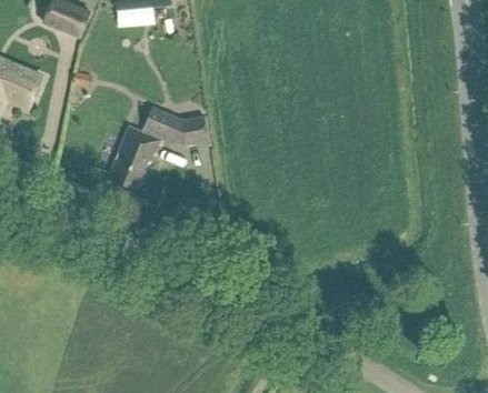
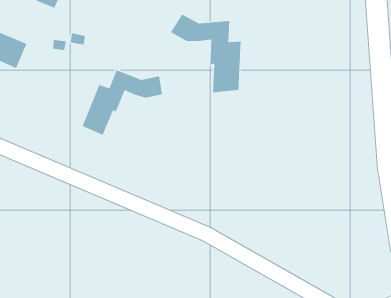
building: none -> [170,13,241,93]

